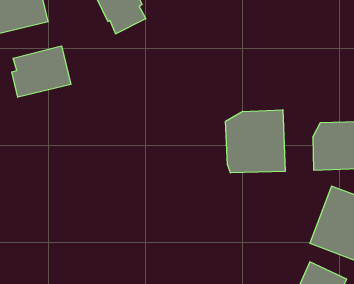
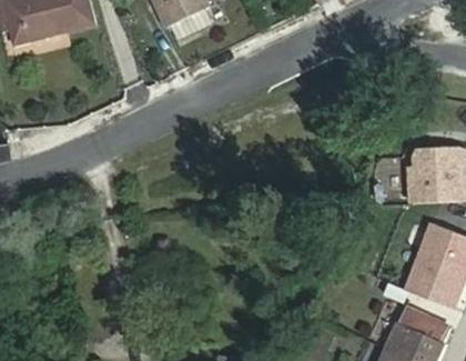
building: [12,46,71,97] -> none
building: [225,110,285,173] -> none

